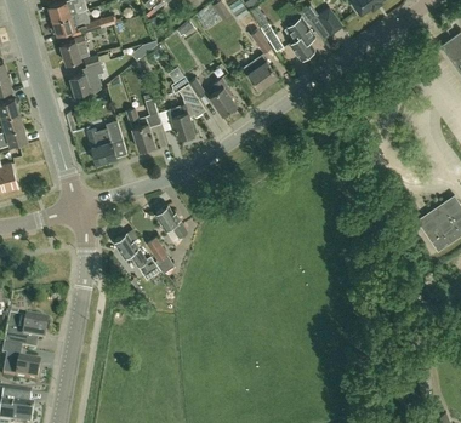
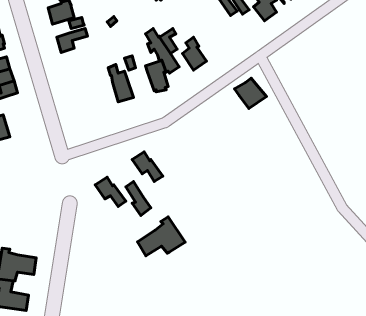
building: [243,55,278,88] -> [235,78,266,109]
building: [87,122,124,162] -> none
building: none -> [137,217,185,256]

